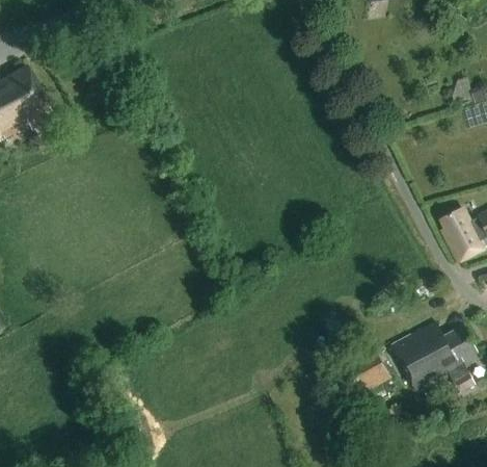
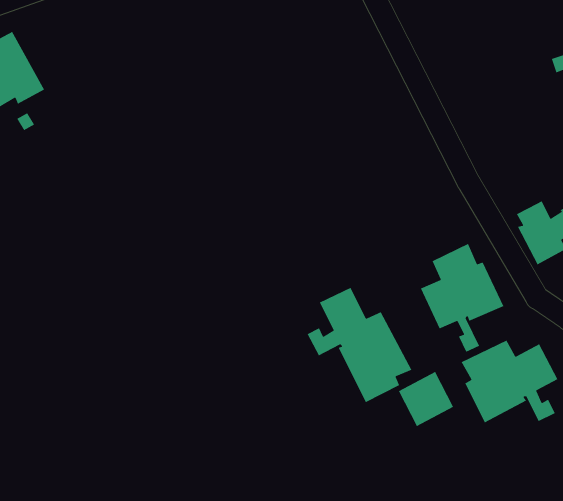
building: none -> [420,243,505,353]
building: none -> [307,287,413,403]

